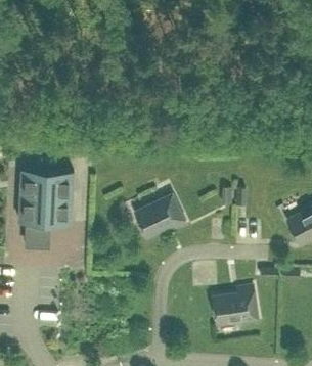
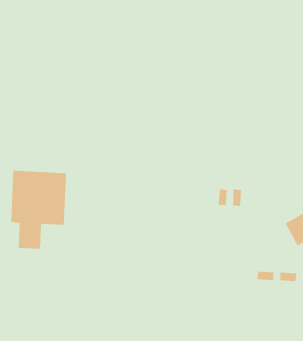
building: [136,195,186,236] -> none
building: [215,286,258,323] -> none

